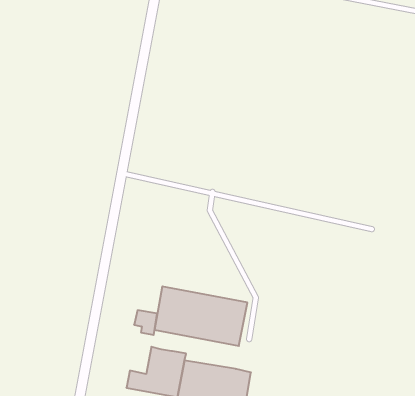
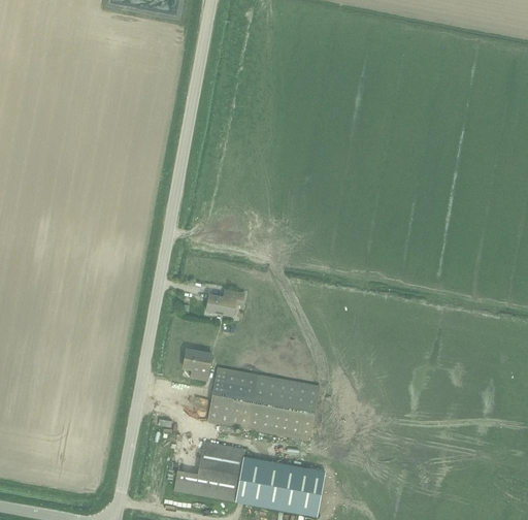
building: none -> [205,290,243,316]
building: [134,310,157,335] -> [183,350,210,380]

